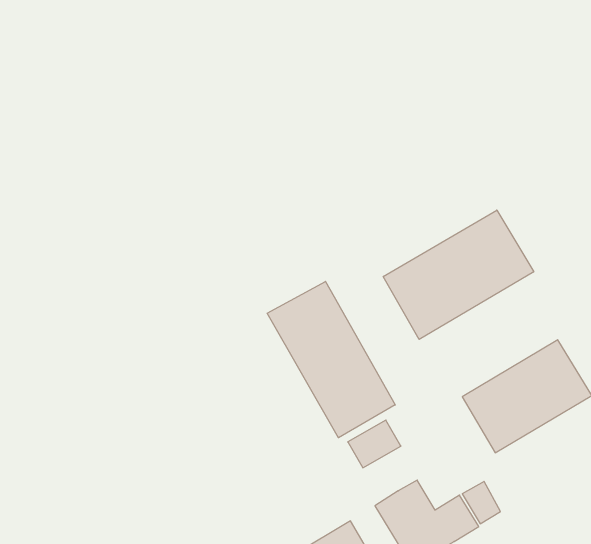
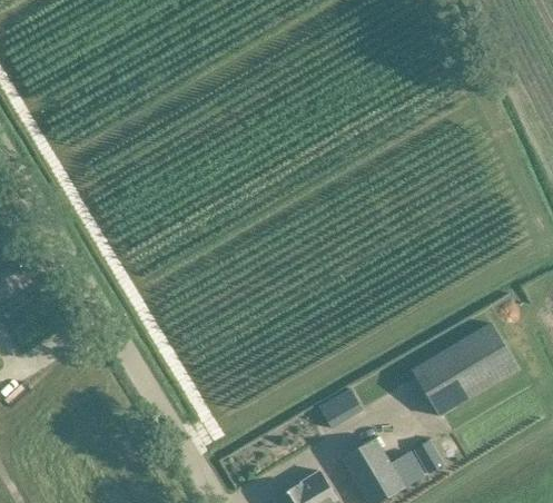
building: [383,210,534,339] -> none
building: [267,281,395,438] -> none

